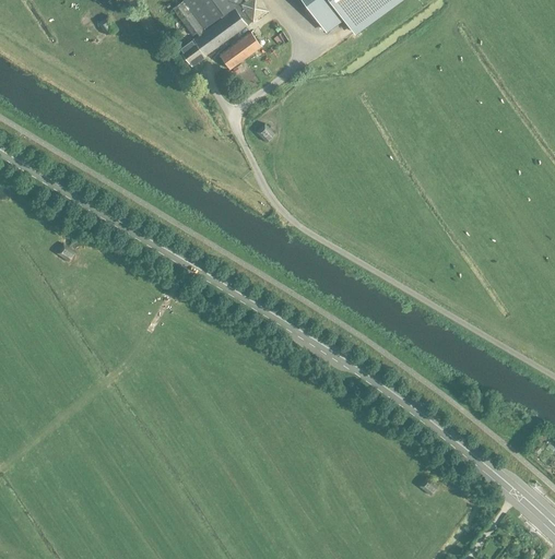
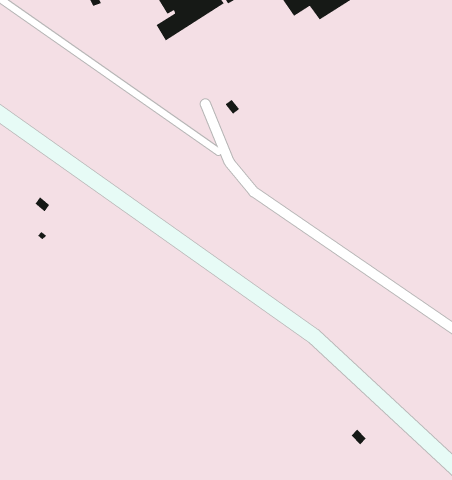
building: [220,31,261,68] -> none

